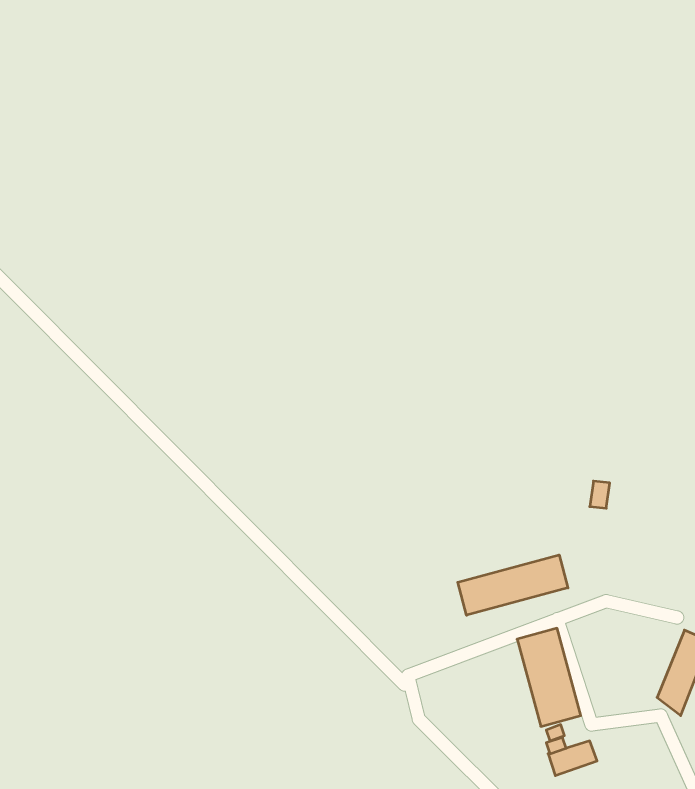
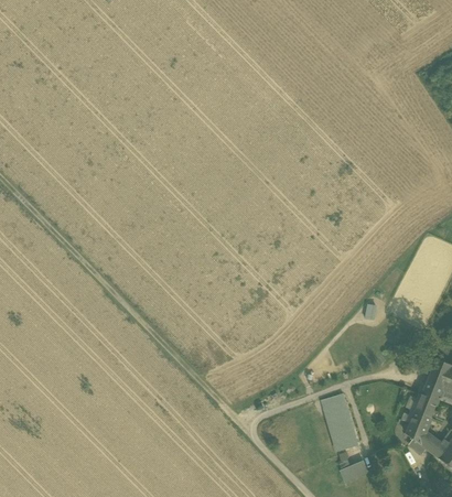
building: [458,555,568,615] -> none

